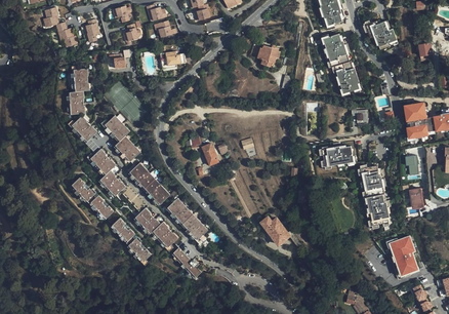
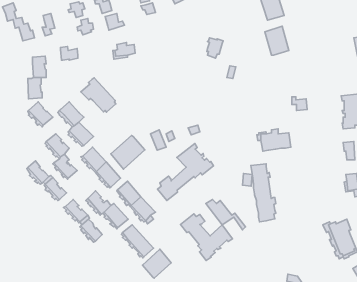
building: [370,21,397,49] -> none
building: [332,58,361,95] -> none
building: none -> [81,78,116,112]
building: none -> [111,135,145,169]
building: none -> [158,144,214,200]
building: [358,166,384,228] -> [251,164,276,222]
building: none -> [181,214,233,261]
building: none -> [142,249,171,278]

